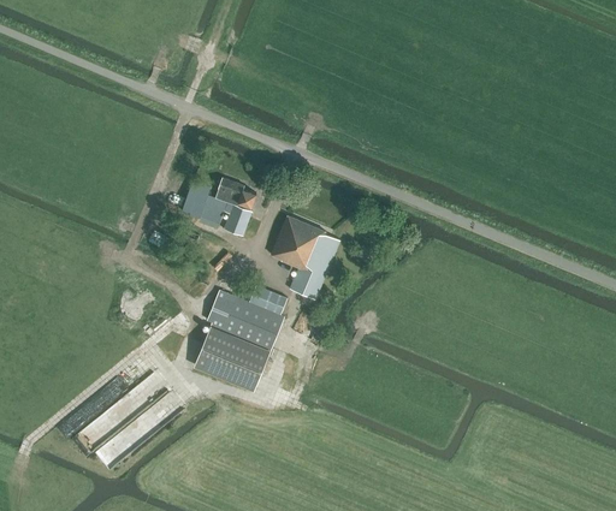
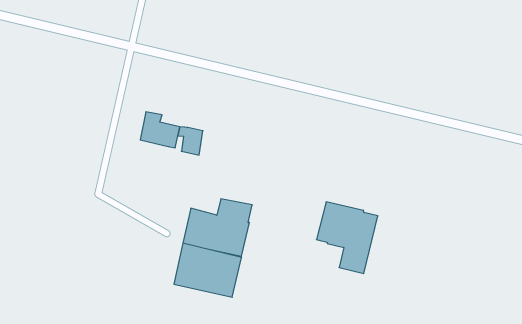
building: [215,177,255,207] -> none
building: [270,215,339,298] -> [316,202,378,274]

